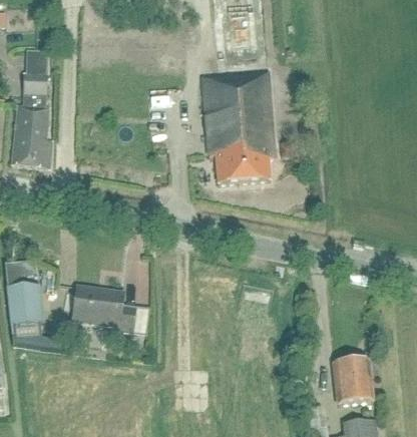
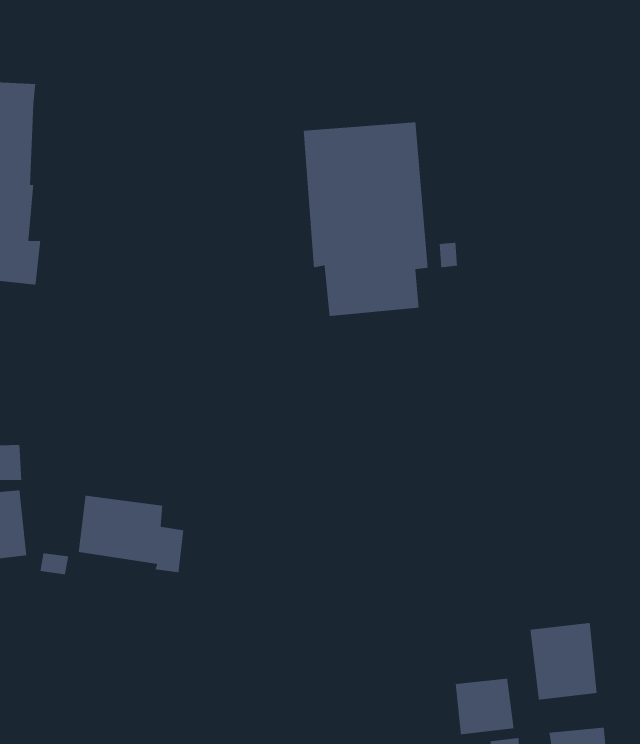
building: none -> [455,678,514,735]

